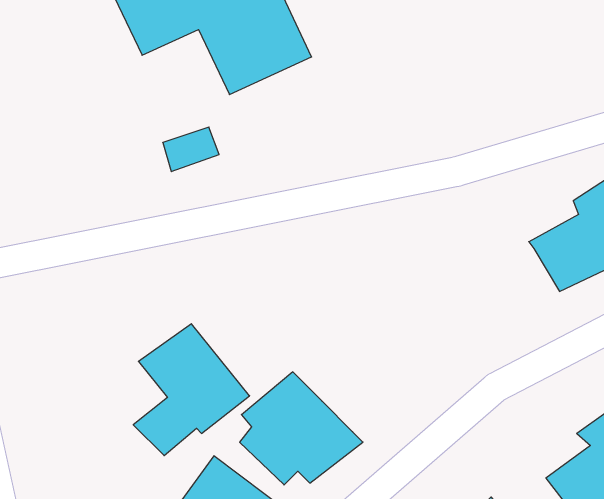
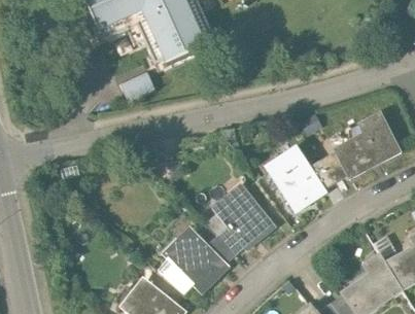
building: none -> [263,145,350,211]
building: [133,324,250,456] -> [207,183,277,263]

